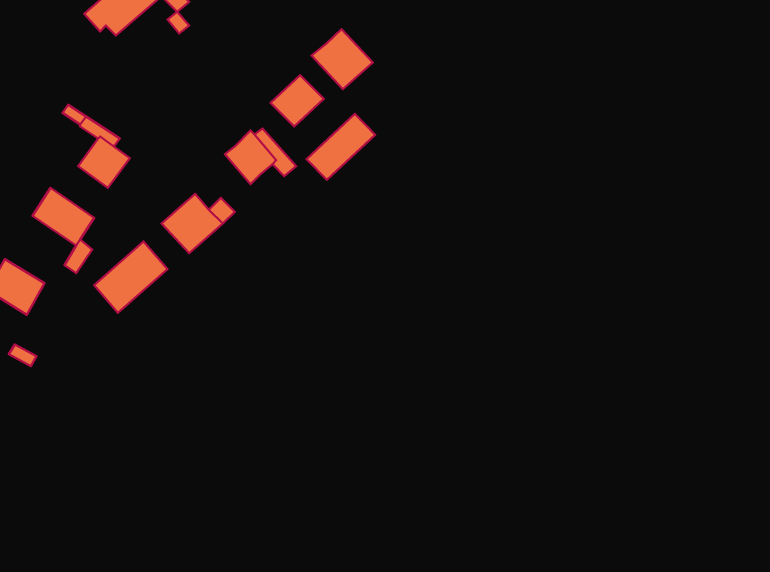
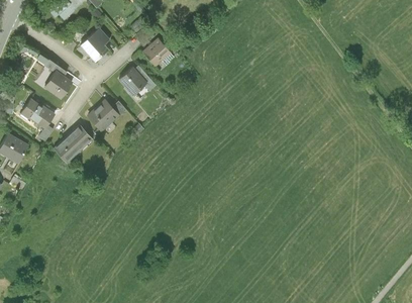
building: [312,29,373,89] -> none
building: none -> [79,27,108,61]
building: [307,114,375,180] -> none

